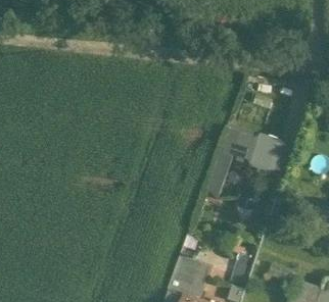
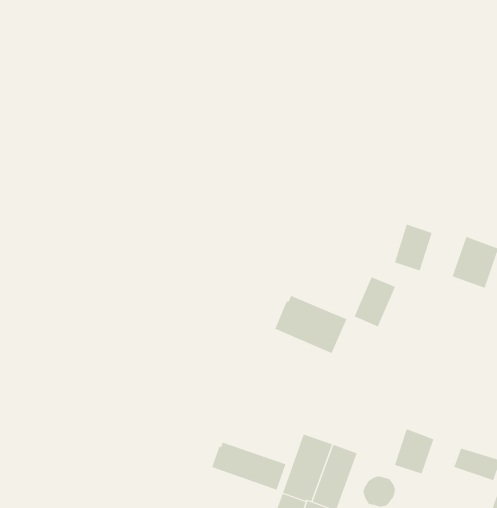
building: none -> [274,295,347,354]
building: none -> [212,442,286,490]

